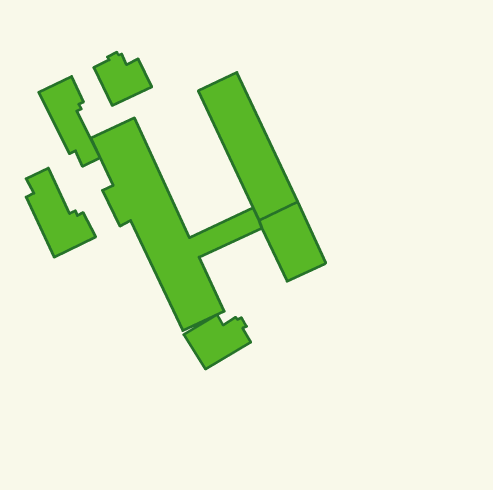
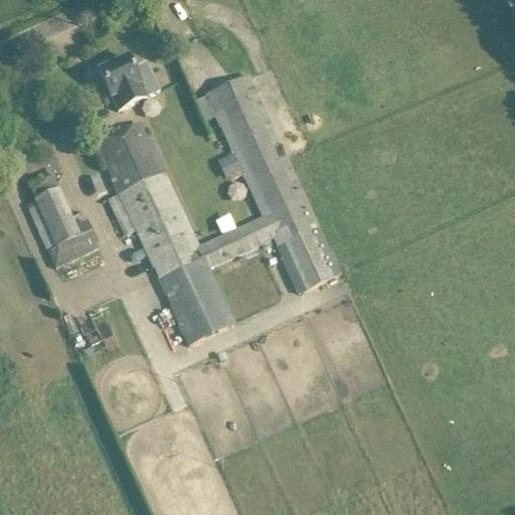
building: [39,76,100,166] -> none
building: [184,314,251,369] -> none

